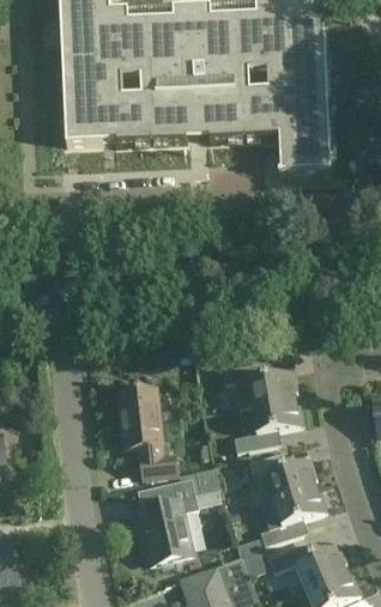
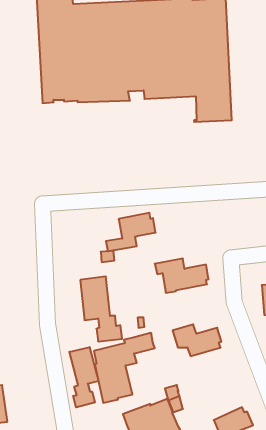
building: [235,399,304,453] -> [106,213,156,251]
building: none -> [69,347,98,407]
building: [260,487,327,547] -> none
building: [268,544,346,589] -> none

